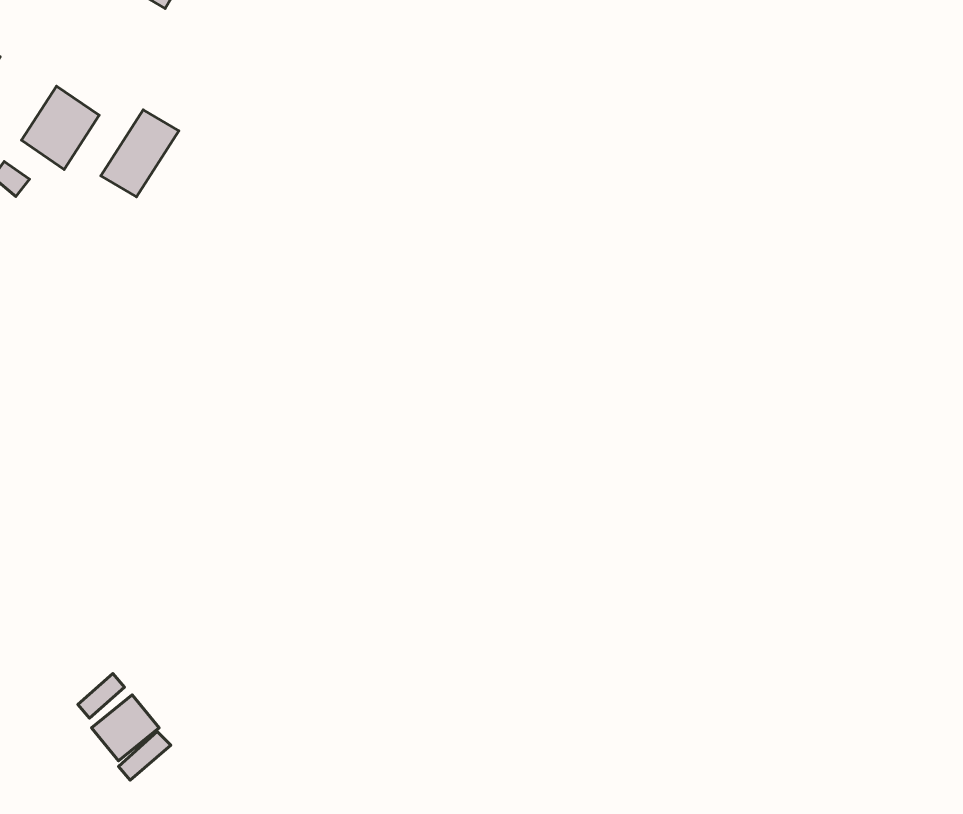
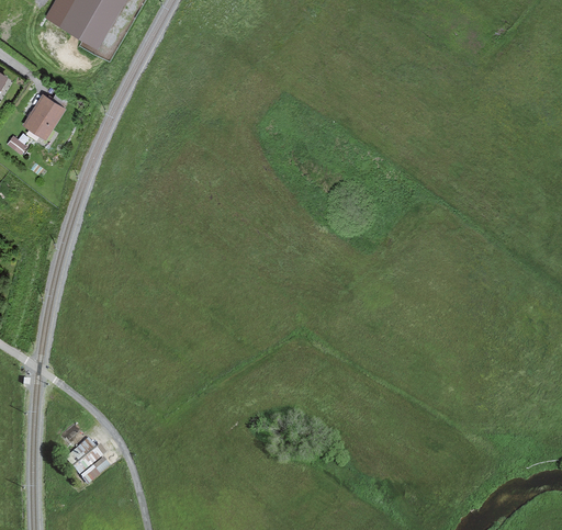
building: [101,110,179,197] -> none

